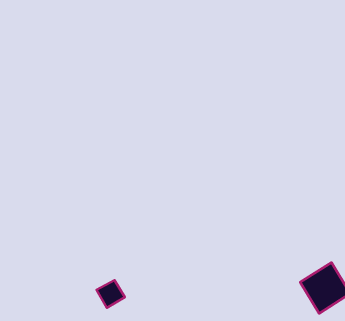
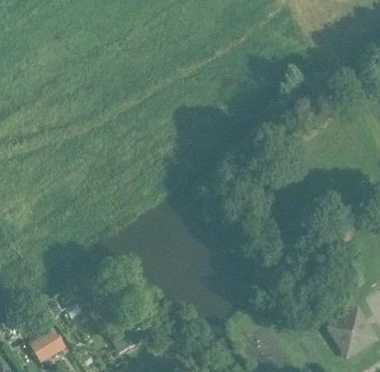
building: none -> [29,327,65,362]

